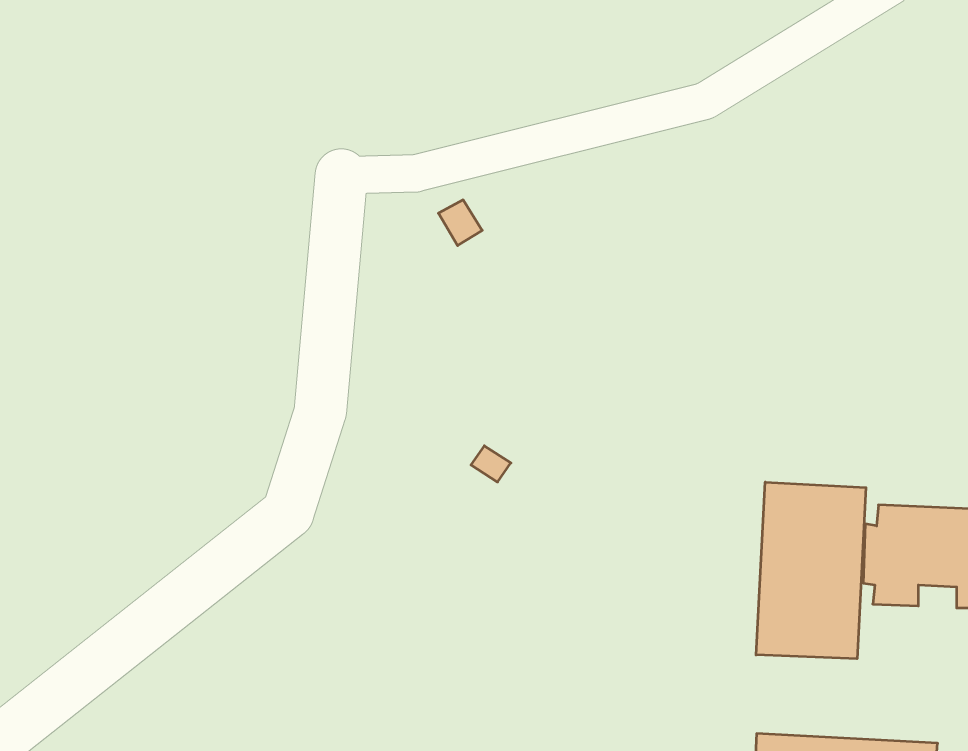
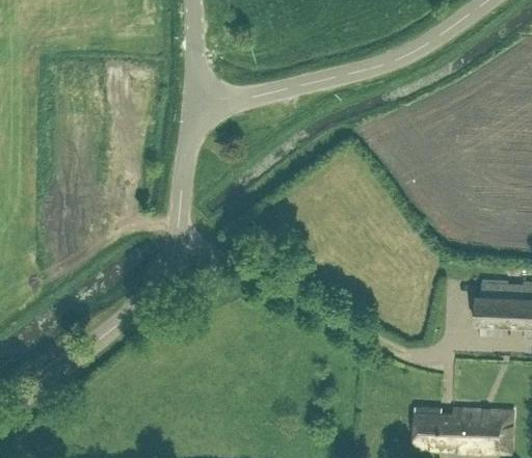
building: [756,482,866,659] -> none

